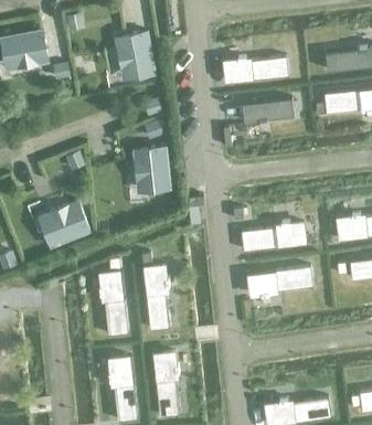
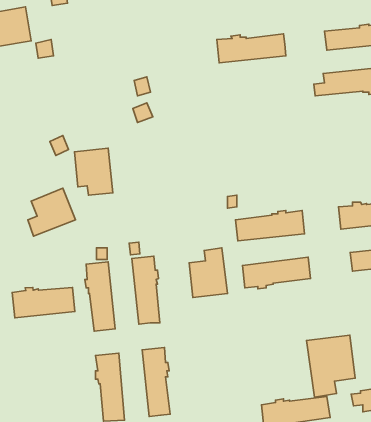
building: [116,32,156,77] -> none
building: [242,99,294,124] -> none
building: [134,147,170,191] -> [74,148,113,195]
building: none -> [189,248,227,297]
building: none -> [12,287,75,318]
building: none -> [307,335,355,397]

